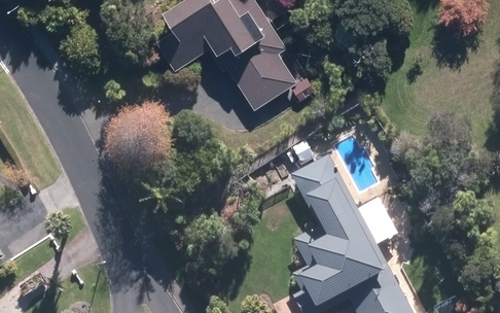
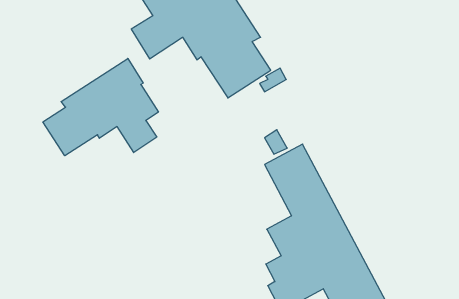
building: none -> [43,58,158,156]

